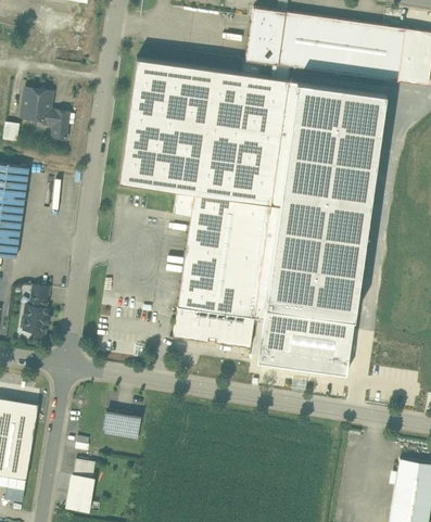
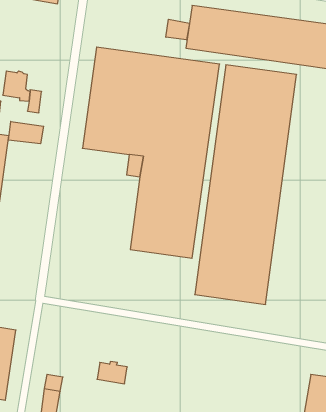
building: none -> [166,19,190,40]
building: none -> [8,121,44,144]
building: [24,284,49,336] -> none
building: [174,306,254,347] -> none
building: [103,411,140,438] -> [97,362,127,384]

